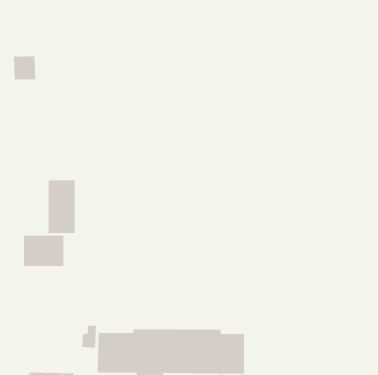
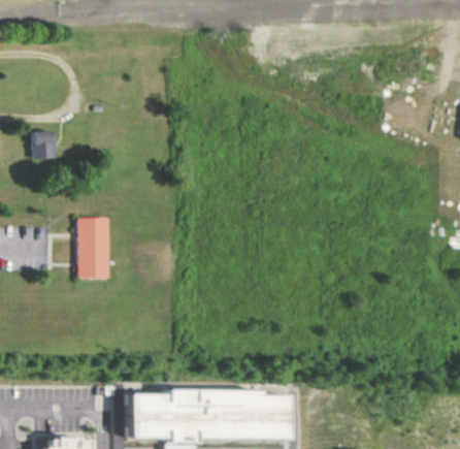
building: [13,56,36,80] -> [37,130,63,157]
building: [24,235,64,267] -> none

